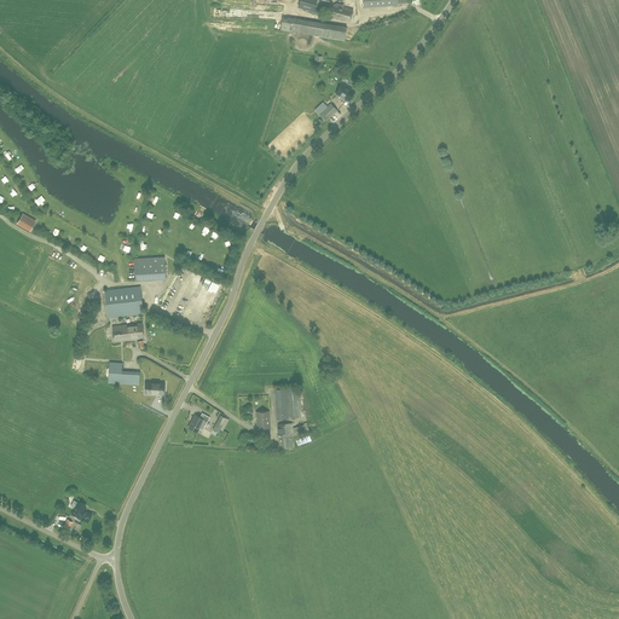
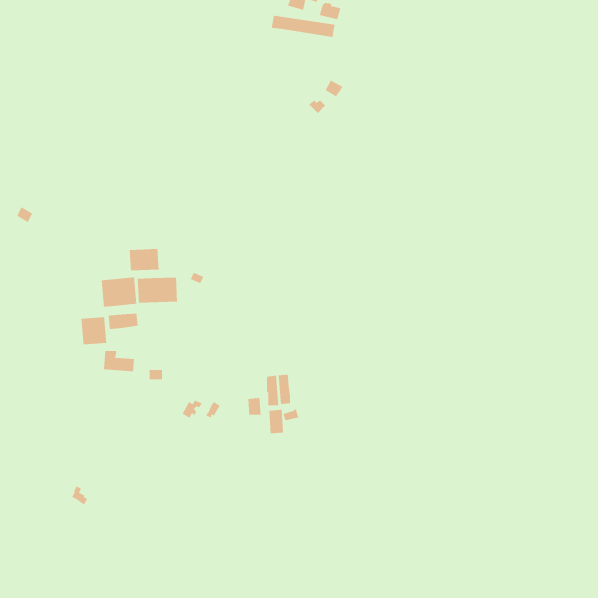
building: none -> [137,277,177,303]
building: none -> [81,317,107,345]

